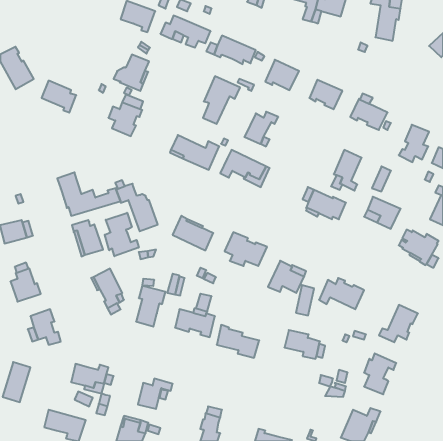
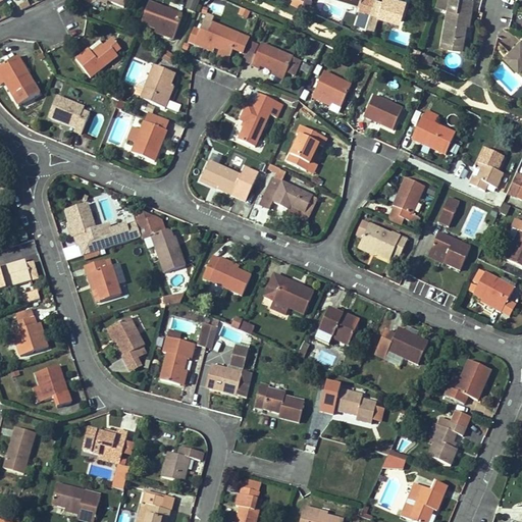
building: none -> [75,37,121,76]
building: [105,213,139,256] -> none
building: [296,285,314,315] -> [318,378,340,414]

